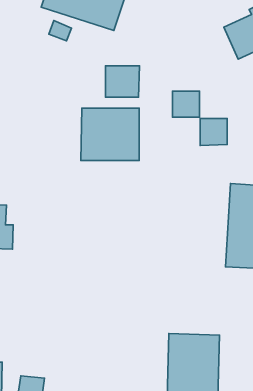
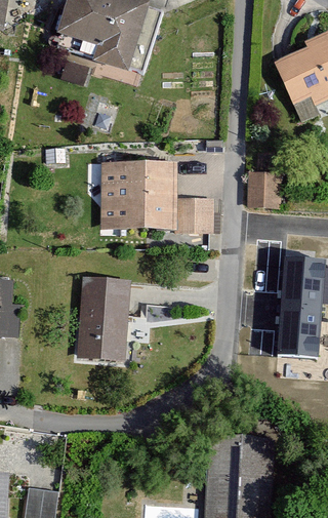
building: [106,66,139,97] -> none
building: [172,91,199,117] -> [178,198,211,230]
building: none -> [77,277,128,359]

